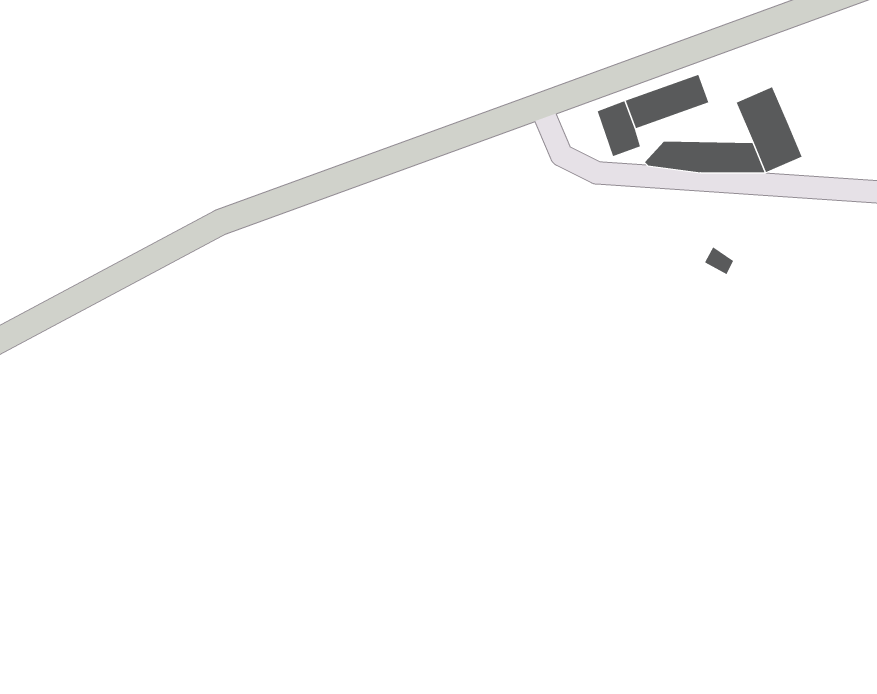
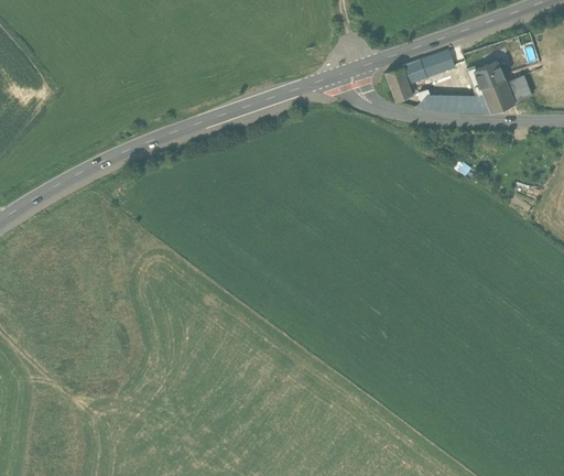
building: none -> [506,74,533,102]

